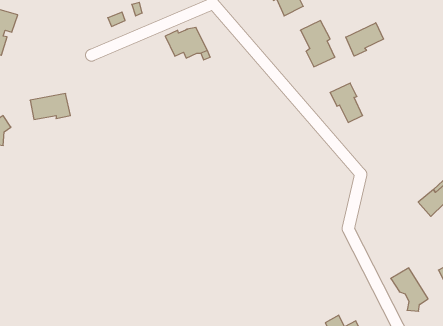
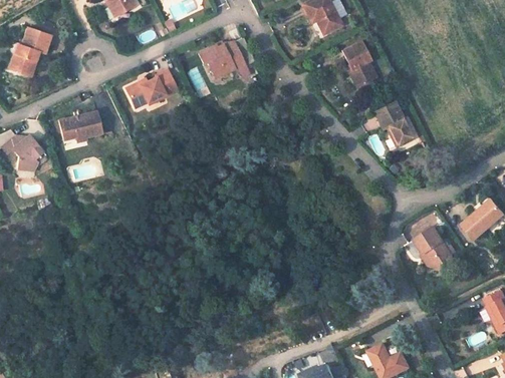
building: [346,23,383,56] -> none
building: none -> [124,71,177,109]
building: [391,268,428,311] -> [416,224,455,269]

